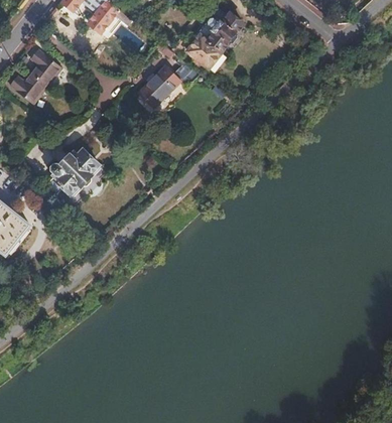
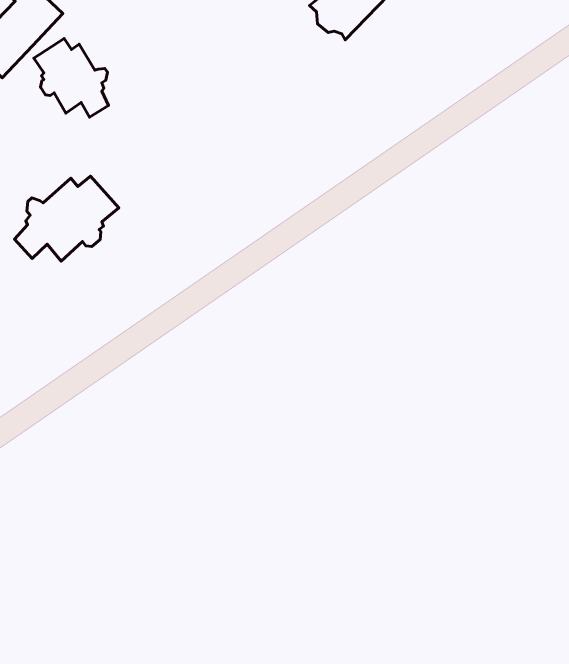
building: [137,66,178,108] -> none
building: none -> [34,38,108,117]

